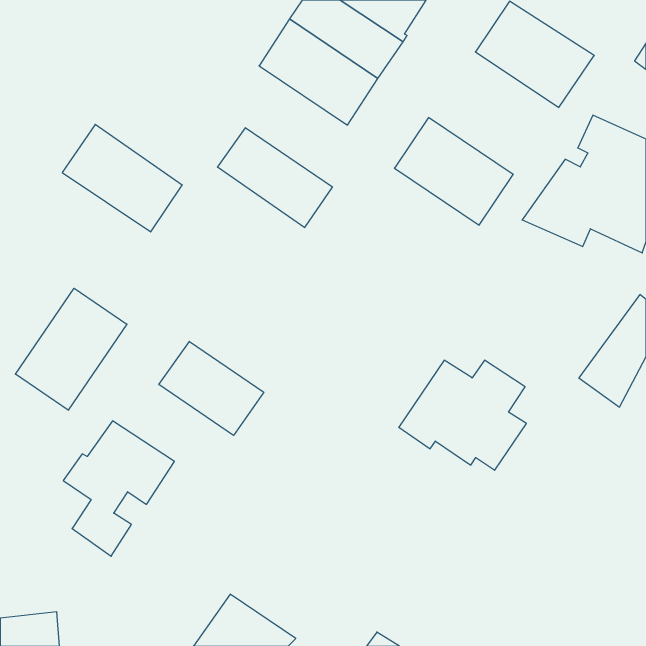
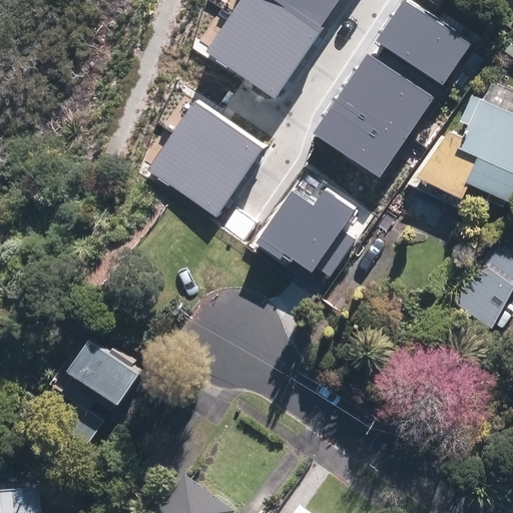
building: none -> [340,53,434,138]
building: [62,124,182,232] -> [146,132,241,217]
building: [15,288,127,410] -> none
building: [159,341,264,435] -> none
building: [399,360,526,470] -> [254,189,356,277]

